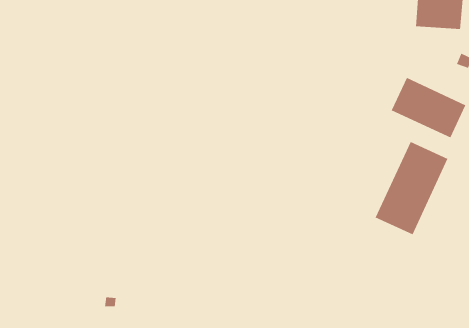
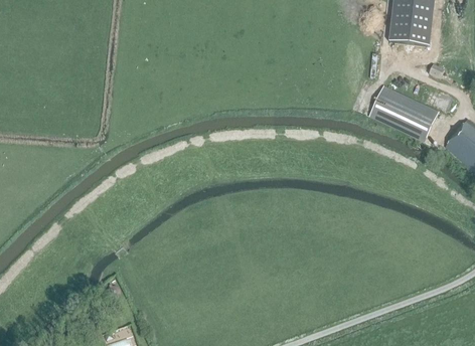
building: [375,141,448,235] -> none

